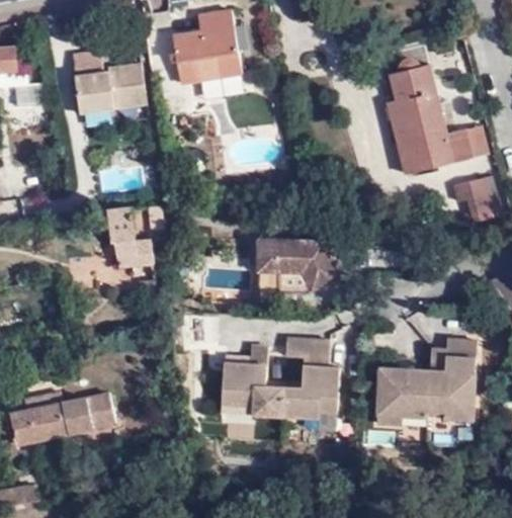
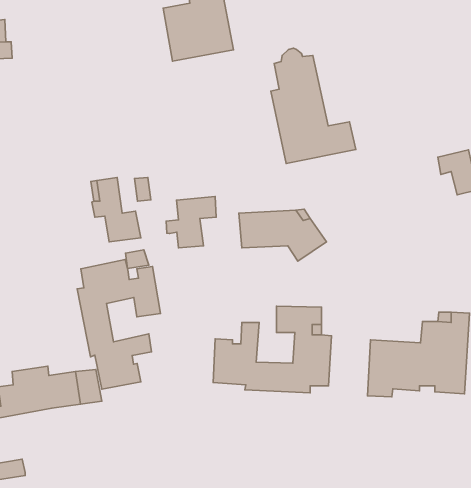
building: [73,54,146,114] -> none
building: [387,59,471,173] -> [271,48,356,164]
building: none -> [166,197,216,248]
building: none -> [77,259,161,389]

